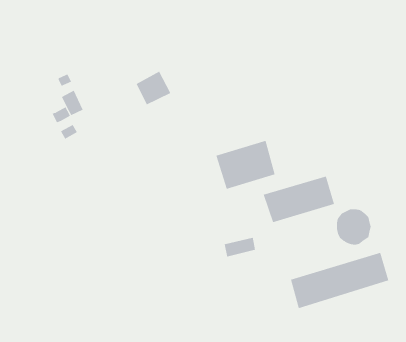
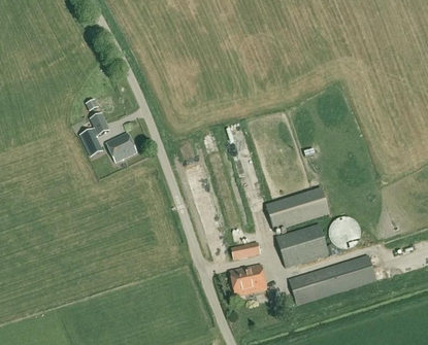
building: [136,71,171,105] -> [106,132,137,162]
building: [215,140,276,190] -> [275,223,328,267]
building: none -> [229,264,266,295]

